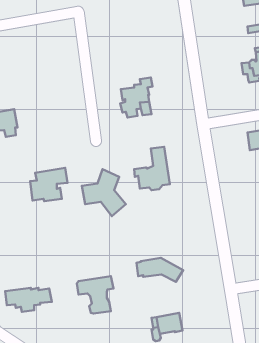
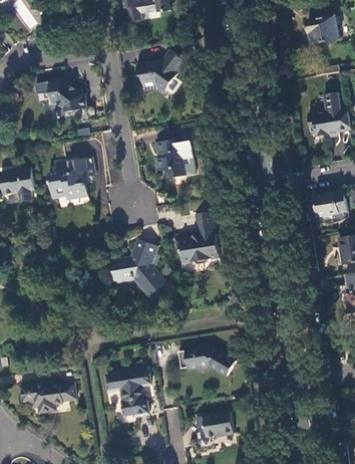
building: none -> [139,51,189,90]
building: none -> [51,80,88,112]
building: [30,168,68,201] -> [51,158,96,198]

